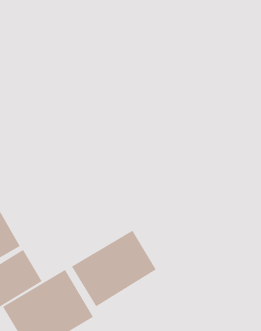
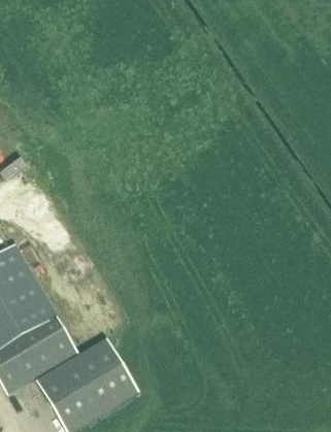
building: [71,230,156,307] -> none

